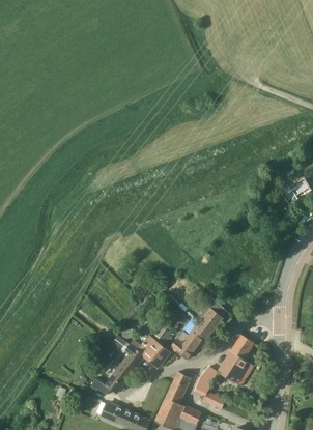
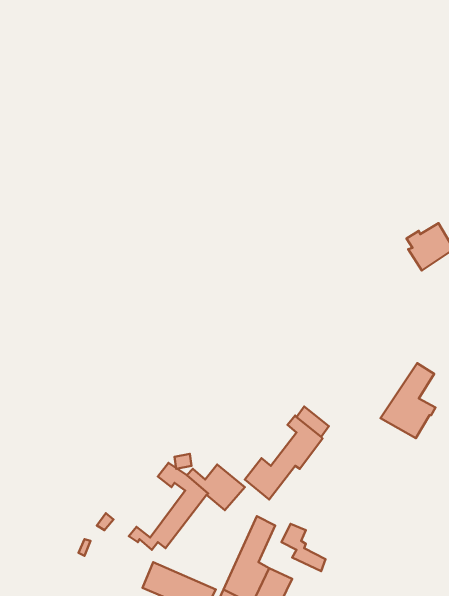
building: [217,336,254,386] -> [381,363,436,438]

